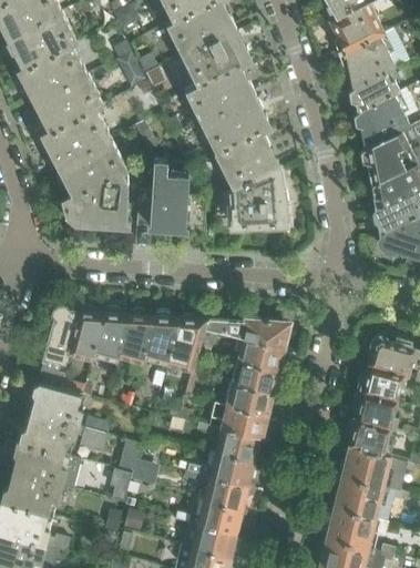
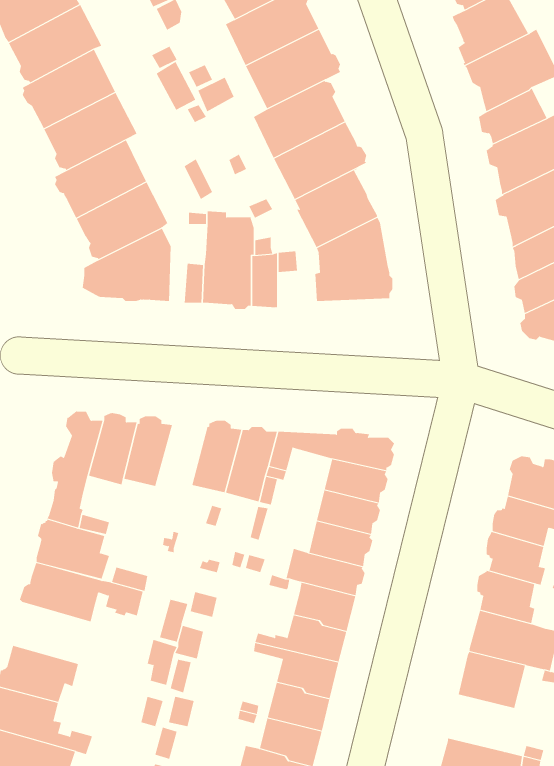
building: [117,310,153,362] -> none
building: [13,443,82,490] -> none
building: [326,509,389,550] -> none

